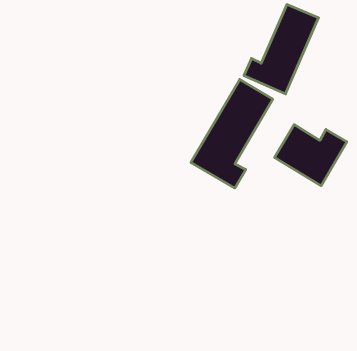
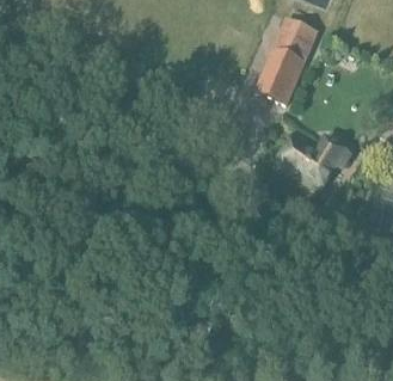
building: [191,79,273,188] -> none

